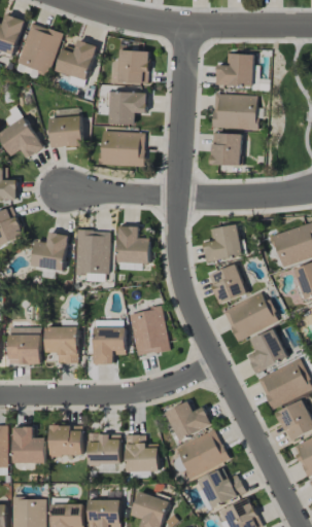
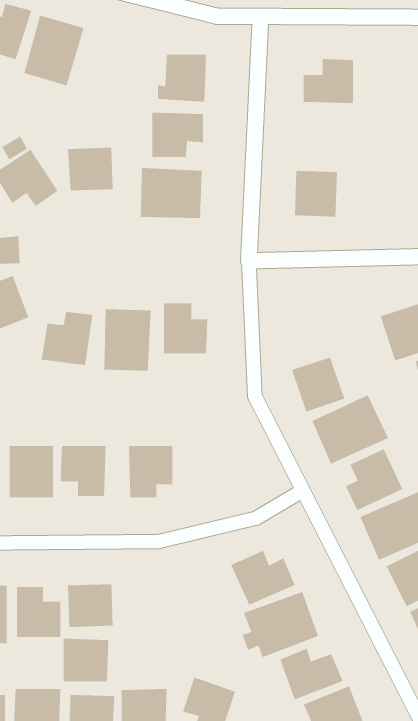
building: [57,40,98,80] -> none
building: [213,94,257,130] -> none
building: [203,224,243,262] -> none
building: [130,308,170,356] -> none
building: [89,433,122,464] -> [63,638,109,682]
building: [126,434,160,471] -> none

